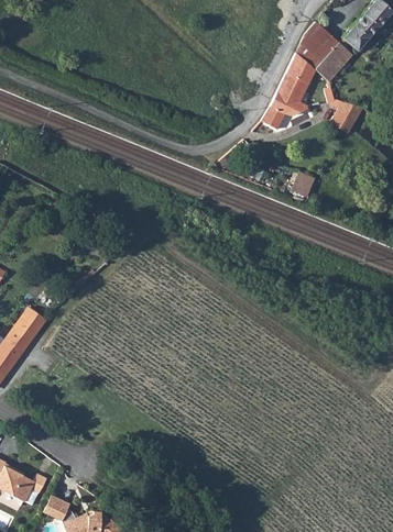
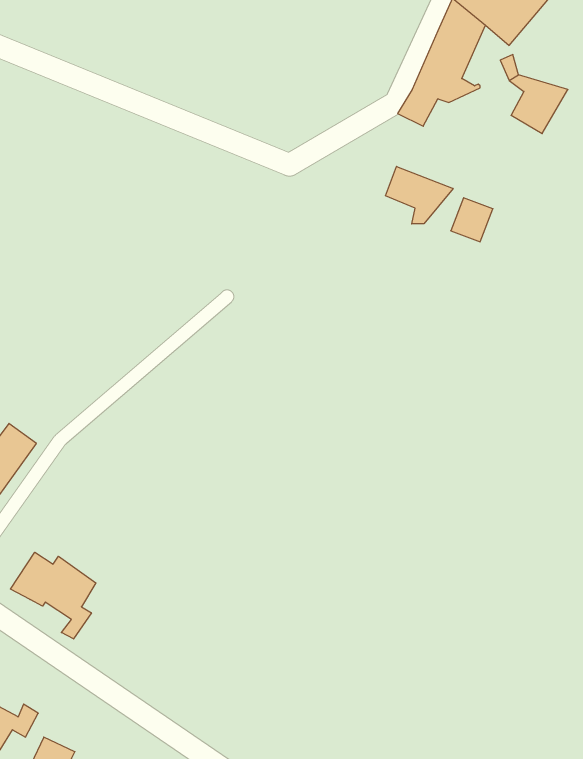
building: none -> [385,166,453,224]
building: none -> [10,552,96,639]

